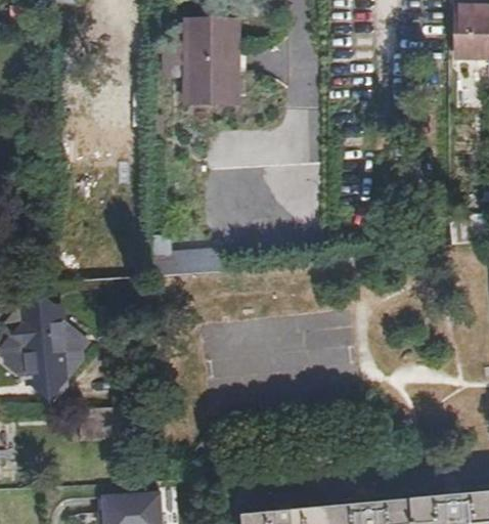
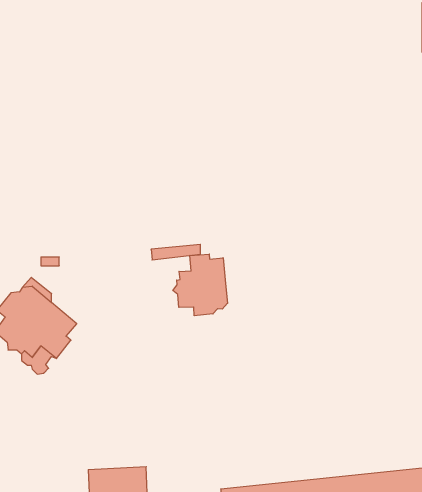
building: [173,21,238,104] -> none
building: none -> [173,254,228,316]

